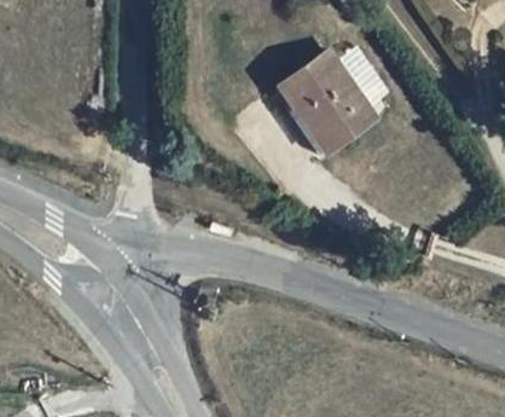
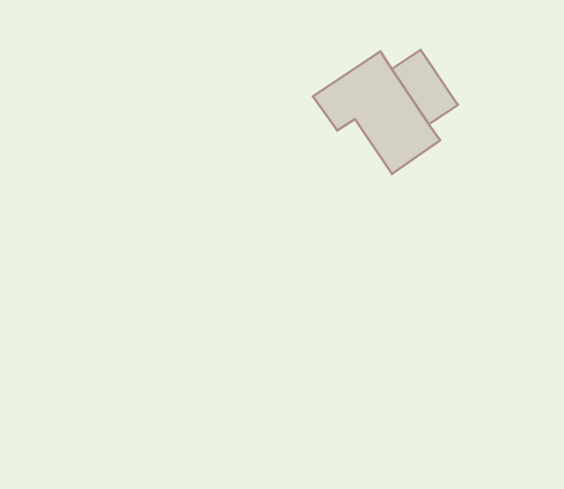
building: [288,102,336,156] -> none

